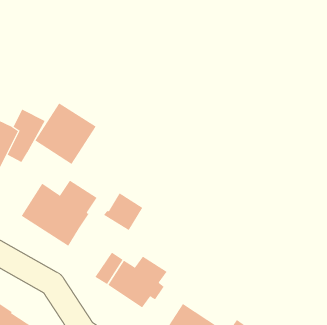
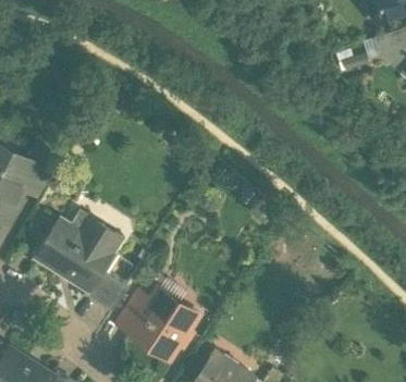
building: [34,102,96,165] -> none
building: [103,193,143,231] -> [84,271,127,312]

